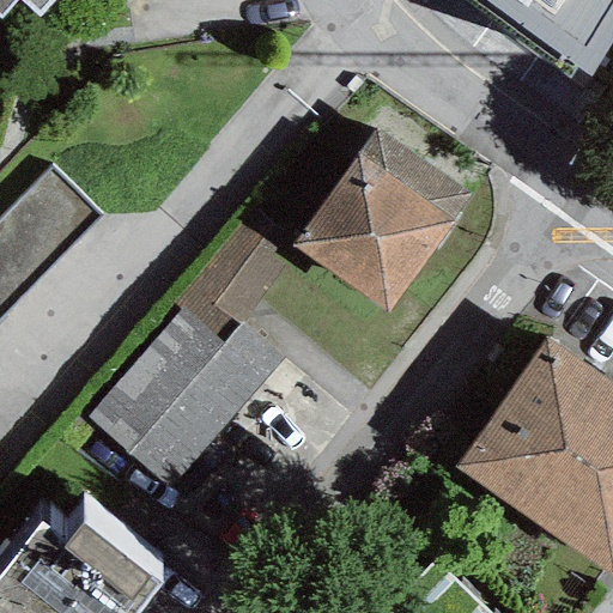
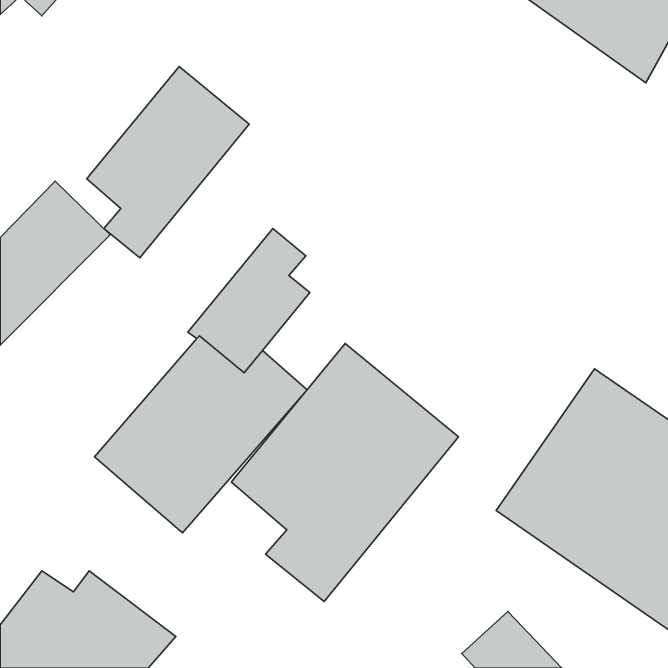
building: none -> [87,66,249,258]
building: [292,127,472,312] -> none
building: none -> [232,343,459,601]

